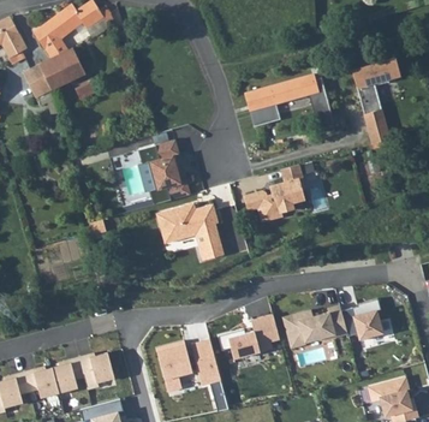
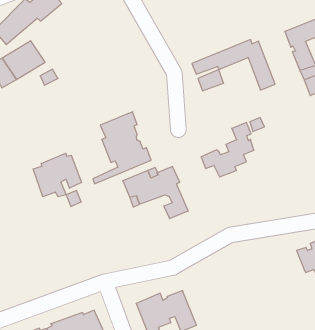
building: none -> [33,153,81,197]
building: [280,305,345,349] -> none
building: [215,316,276,361] -> none

